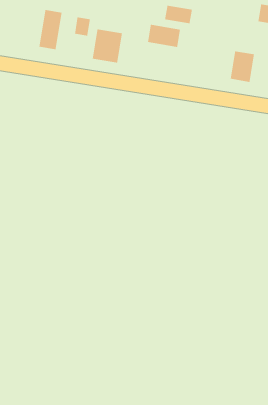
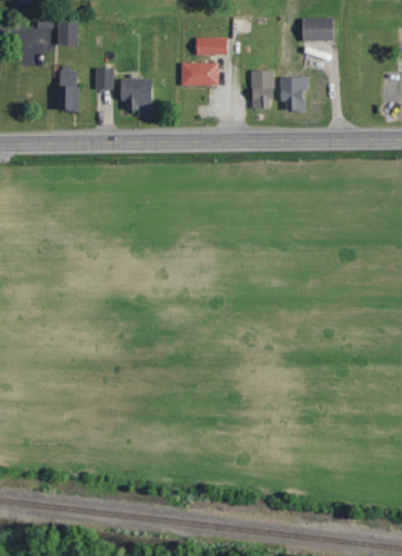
building: none -> [251,70,273,108]

